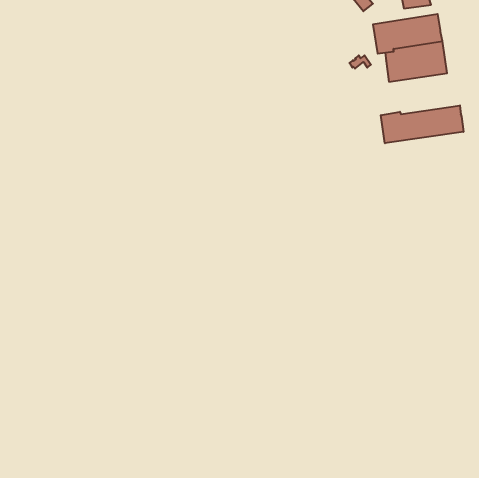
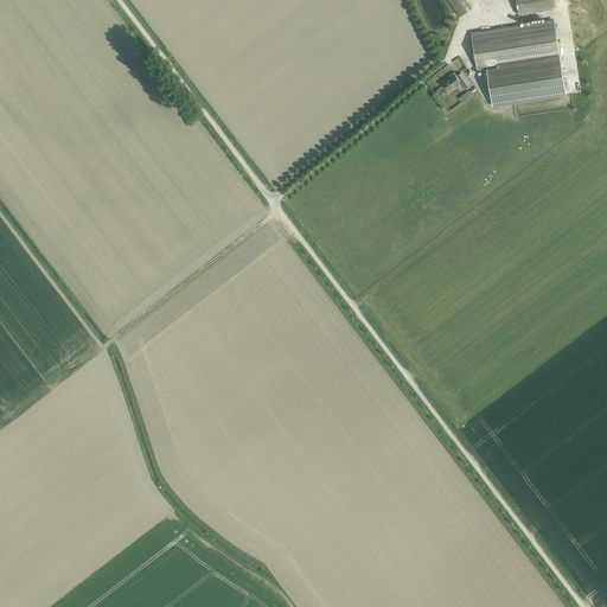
building: [381,105,463,143] -> none

